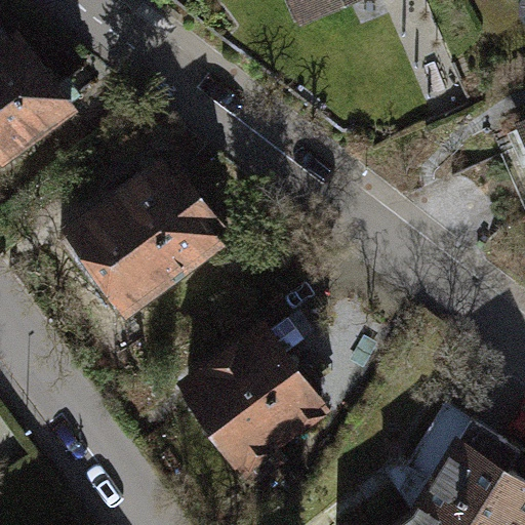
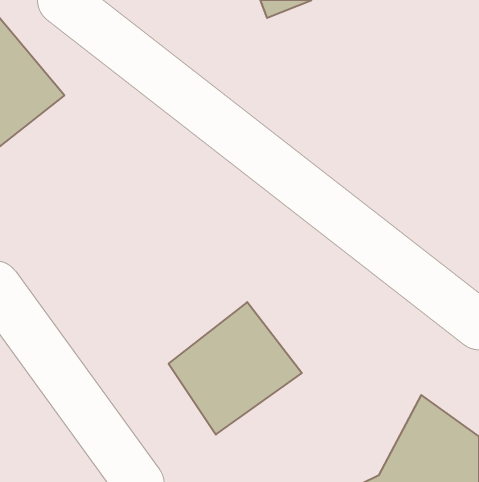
building: [70,162,229,314] -> none

